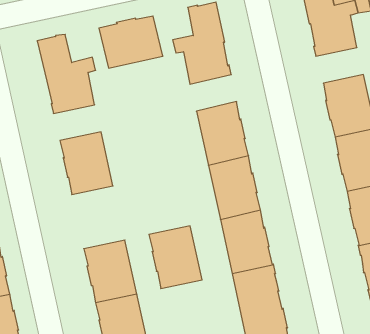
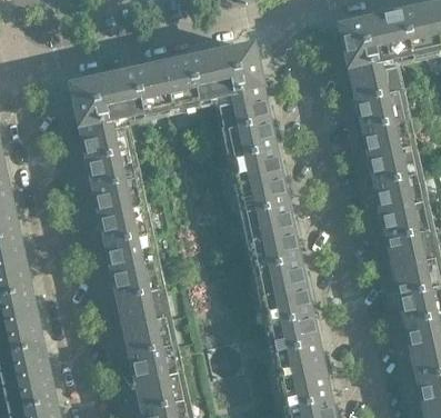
building: none -> [189,48,230,98]
building: none -> [99,69,143,112]
building: none -> [355,89,404,126]
building: none -> [227,117,274,155]
building: none -> [87,148,136,185]
building: [149,226,202,289] -> [106,231,160,296]

